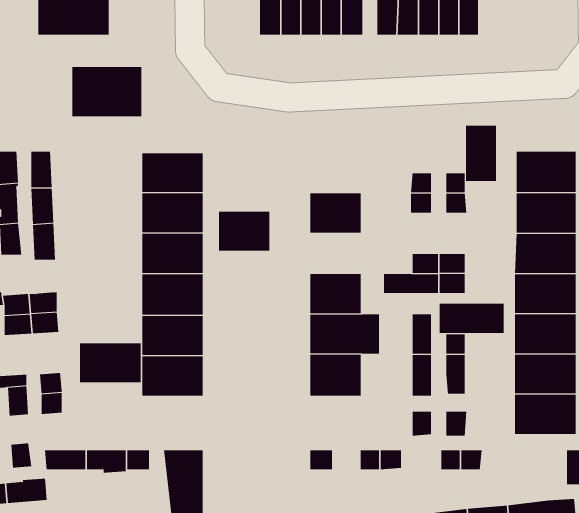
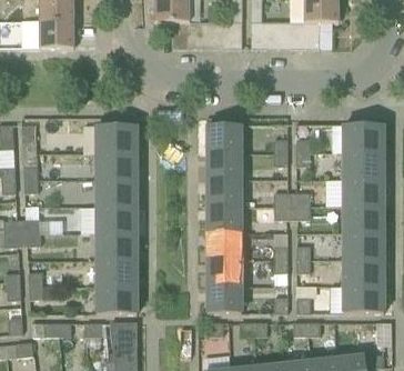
building: [72,66,142,117] -> none
building: [466,125,496,182] -> none
building: none -> [206,124,241,151]
building: [218,211,270,251] -> [206,178,241,204]
building: [439,303,504,334] -> none
building: [79,343,141,383] -> [95,285,137,312]
building: none -> [206,285,241,312]

